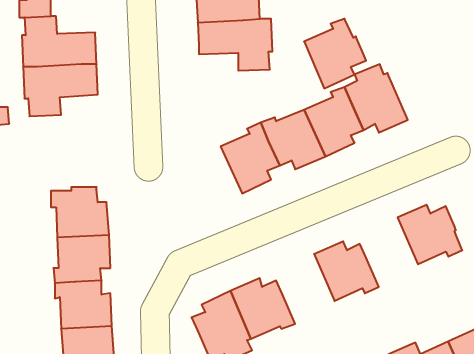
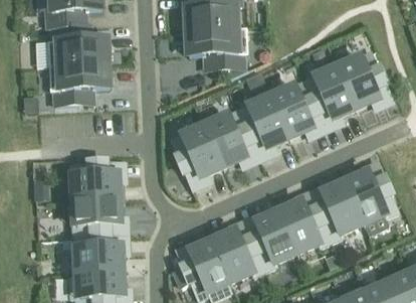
building: [304,19,366,88] -> [338,48,387,104]
building: none -> [170,125,222,172]
building: none -> [316,181,362,237]
building: none -> [249,210,295,266]

